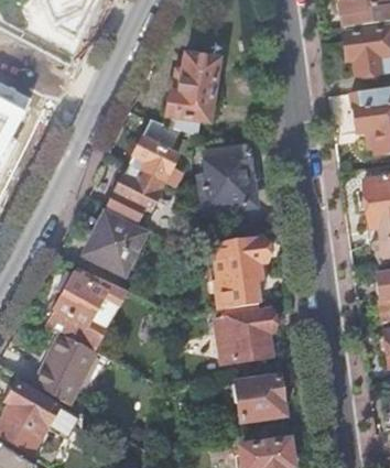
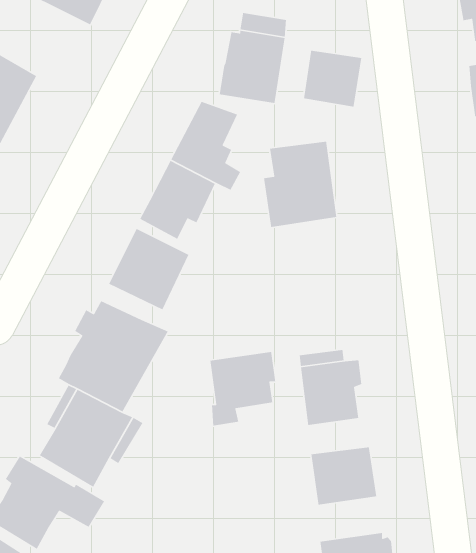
building: none -> [303,50,362,108]
building: [214,240,263,296] -> [210,351,276,427]

